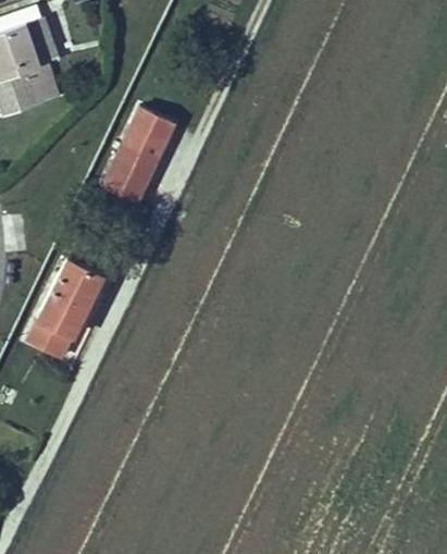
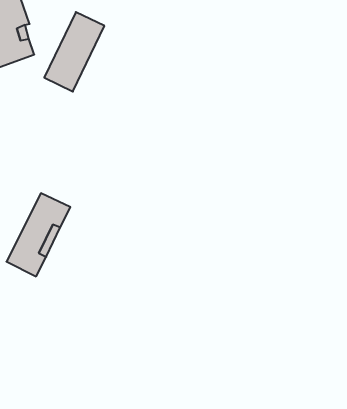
building: [103,108,174,201] -> [44,12,104,92]

